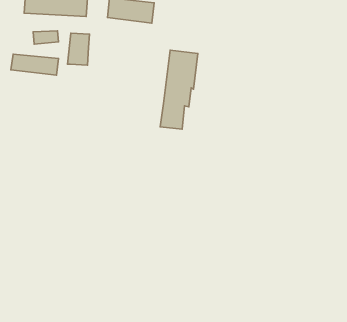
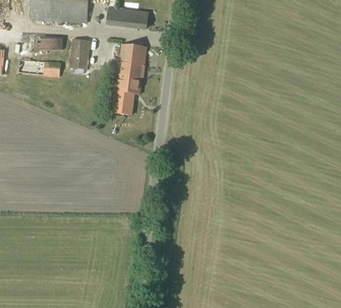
building: [160,50,198,129] -> [112,43,147,115]

